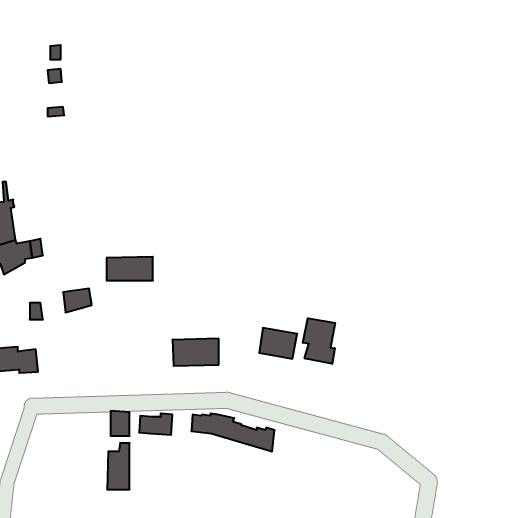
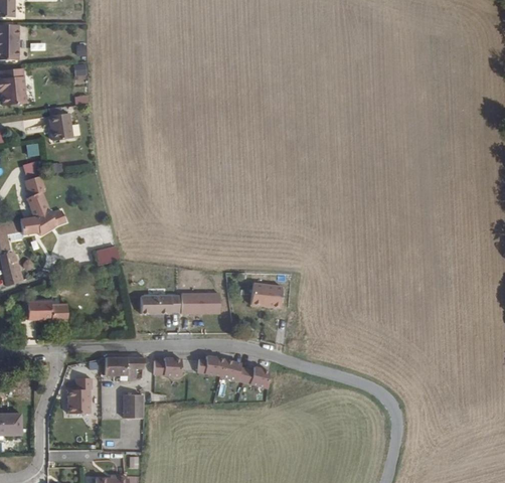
building: none -> [50,115,73,143]
building: [107,257,153,281] -> [140,295,179,315]
building: [303,318,335,364] -> none
building: none -> [107,352,128,373]
building: none -> [68,376,93,412]

